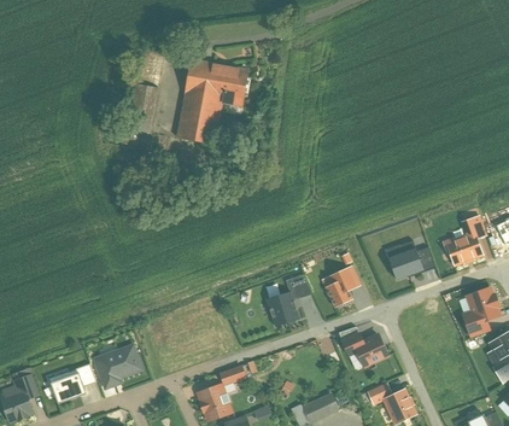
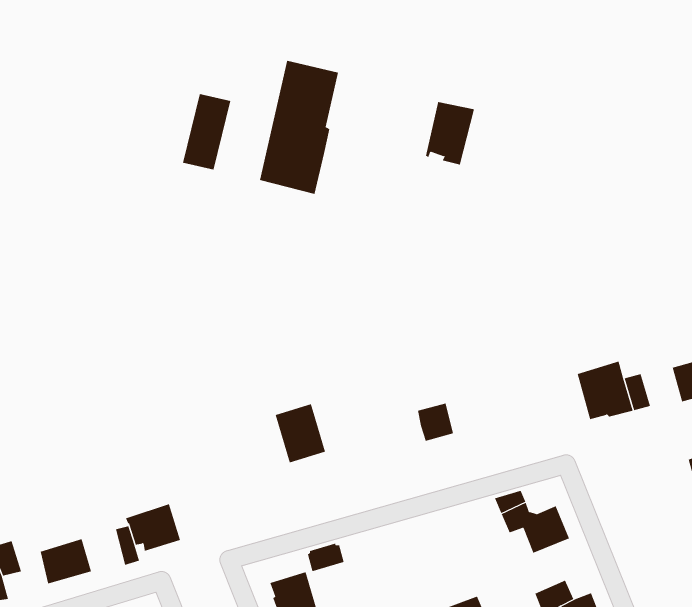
building: [218,66,248,106] -> [425,101,475,165]
building: [324,265,359,307] -> none
building: [265,288,299,327] -> [275,404,326,463]

